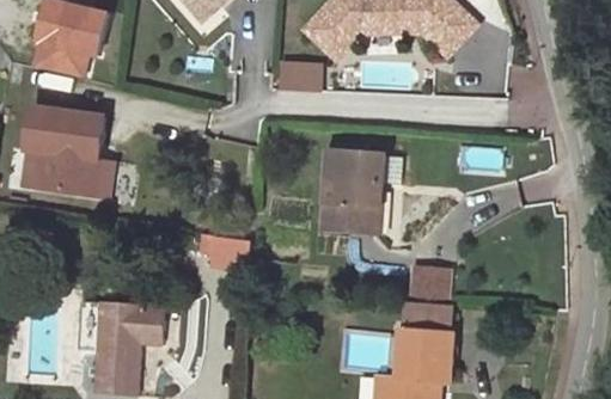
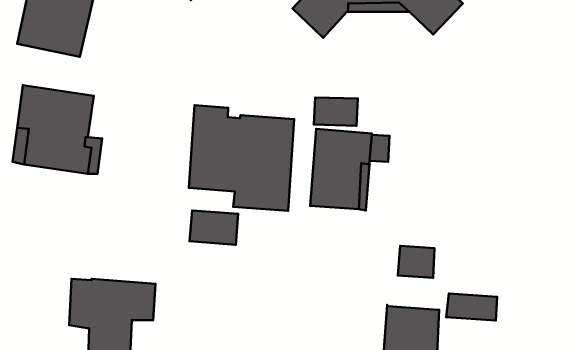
building: [277,61,322,90] -> [314,97,358,126]
building: none -> [189,105,294,211]
building: [402,305,453,332] -> [446,293,497,321]

